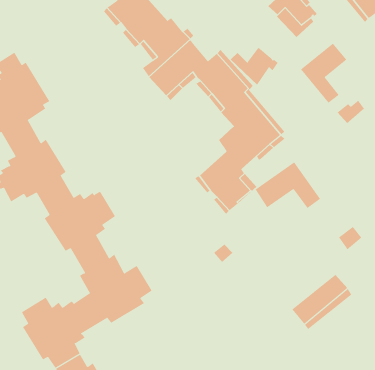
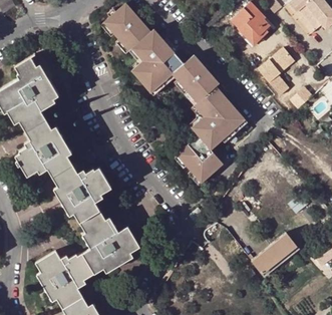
building: [230,47,278,85] -> none
building: [255,161,321,209] -> none

